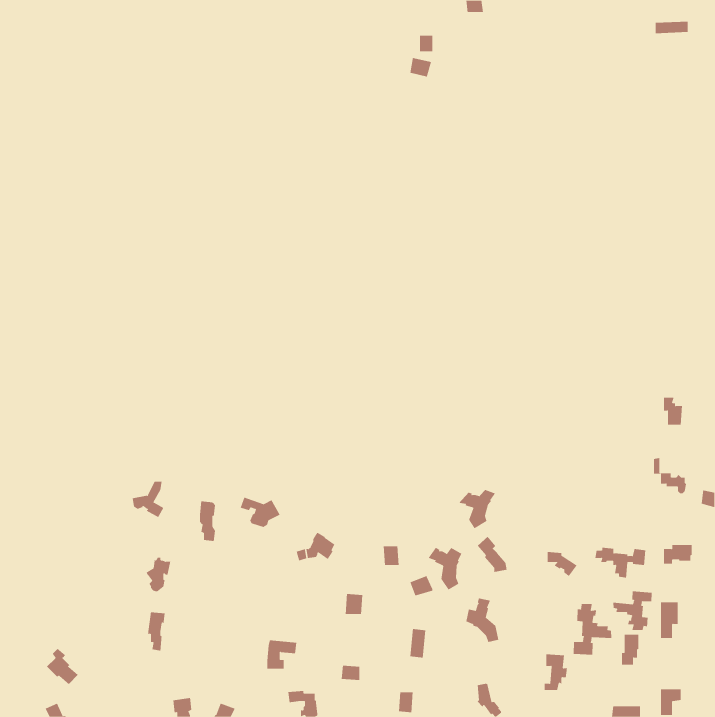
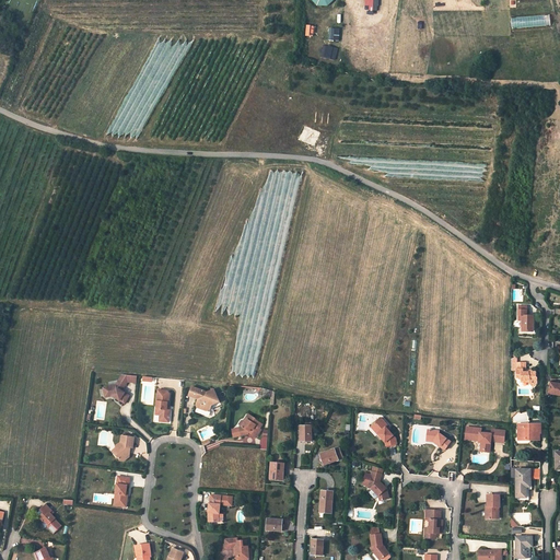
building: [458,489,496,529] -> none
building: [428,547,462,590] -> none
building: [613,590,652,631] -> none
building: [573,603,612,655] -> none

